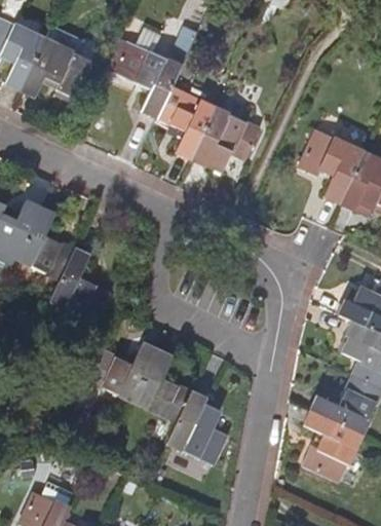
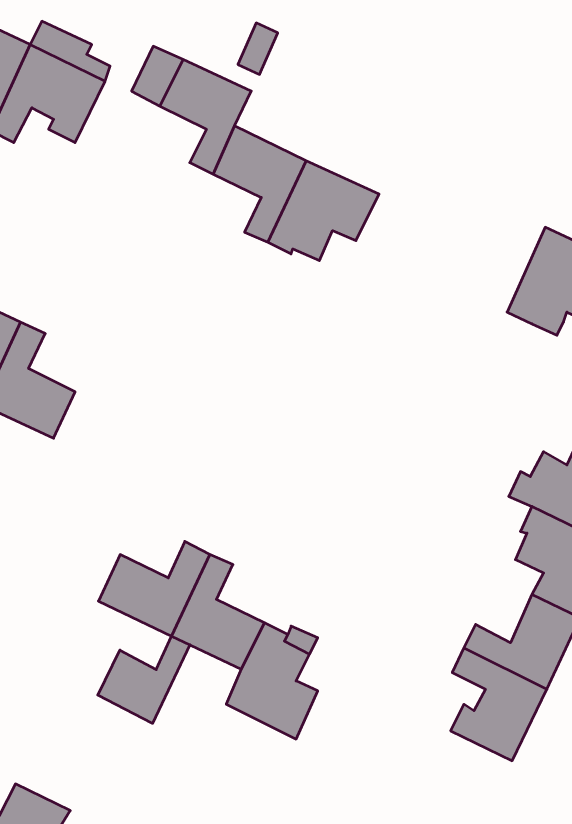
building: [301,129,363,201] -> none
building: [48,251,107,322] -> none
building: none -> [98,636,190,723]

